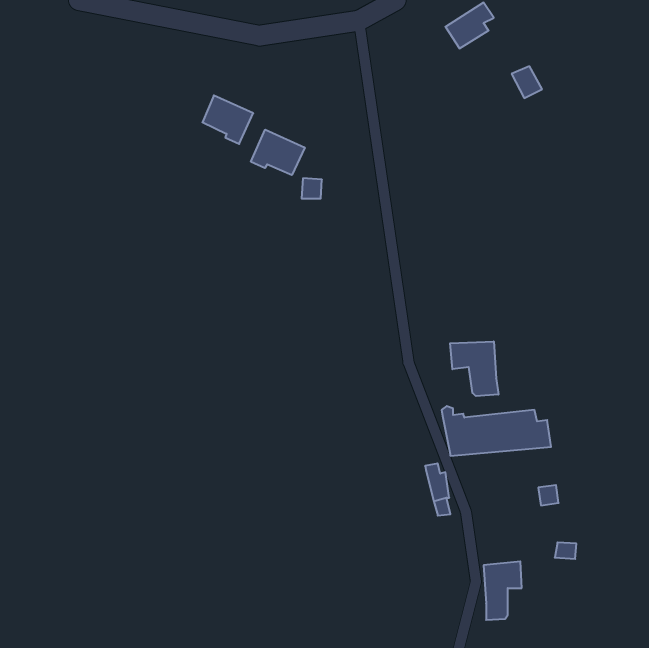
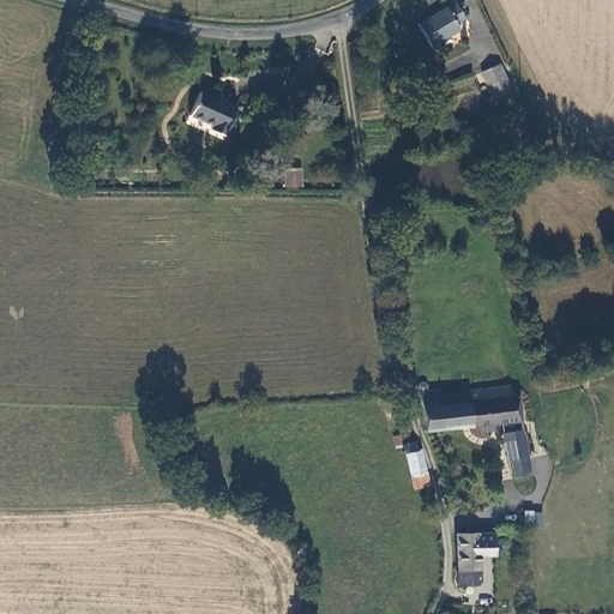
building: [251,130,305,175] -> none
building: [450,341,498,396] -> none
building: none -> [502,432,525,462]

